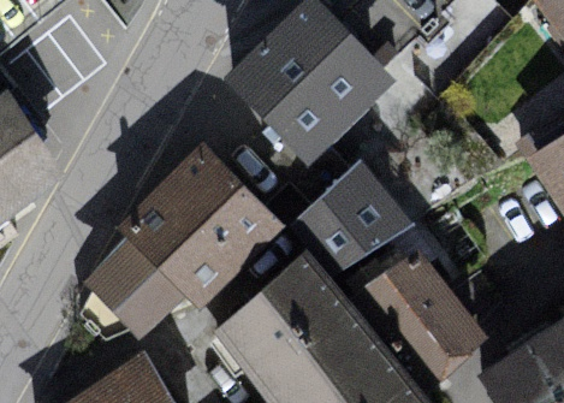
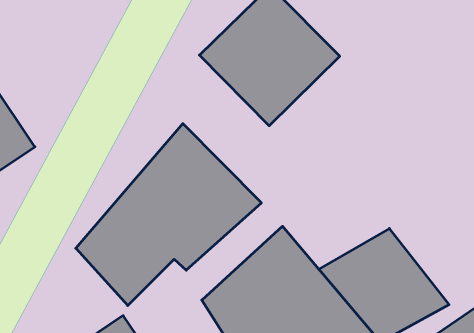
building: [292,158,432,303] -> none

